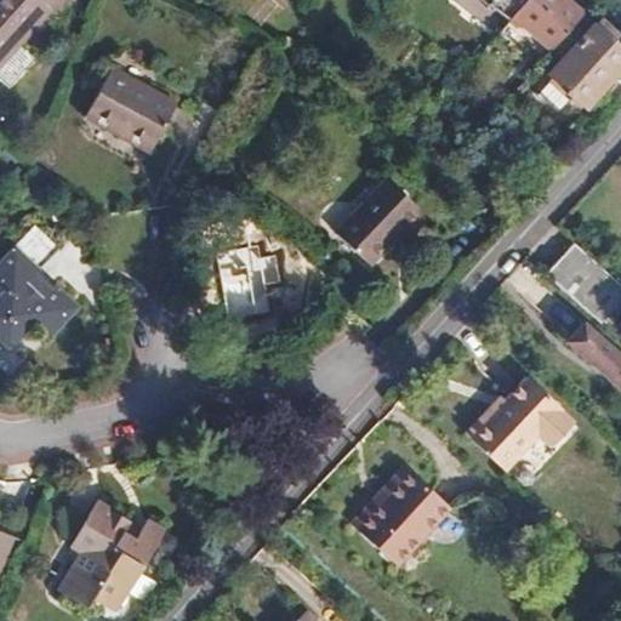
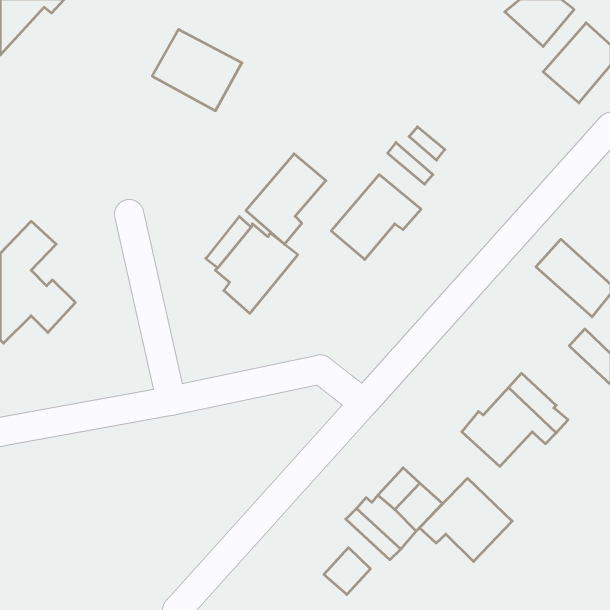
building: [82,68,173,150] -> [152,29,242,111]
building: none -> [246,154,326,244]
building: none -> [419,478,512,562]
building: [57,502,164,611] -> none
building: none -> [324,548,370,595]

